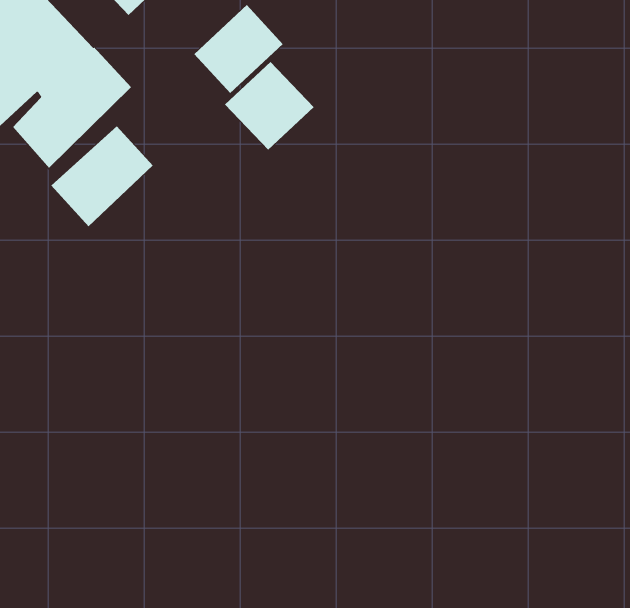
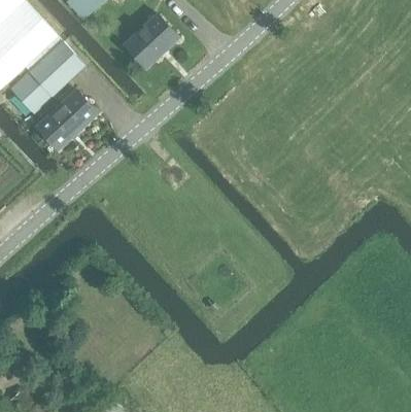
building: [224,61,314,151] -> none

